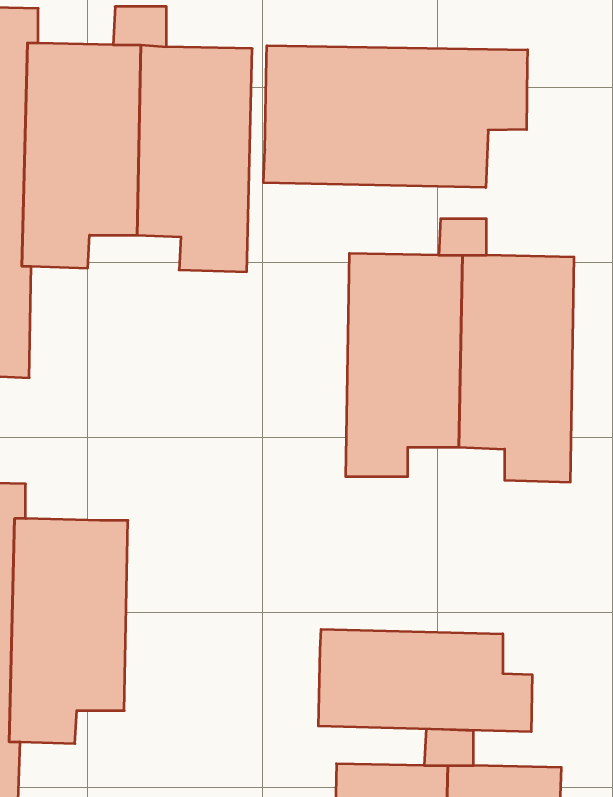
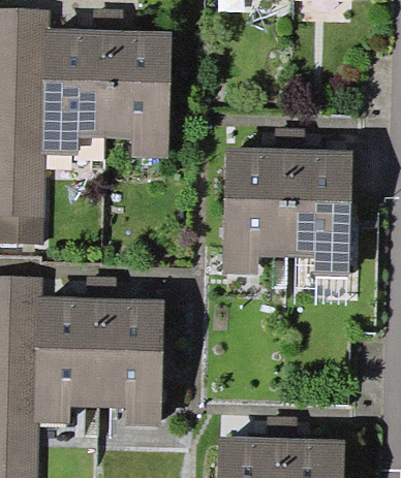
building: [264,46,528,188] -> none
building: none -> [98,299,163,427]
building: [318,629,532,732] -> none

